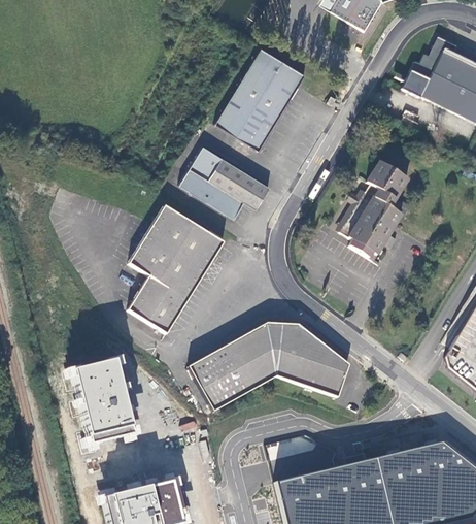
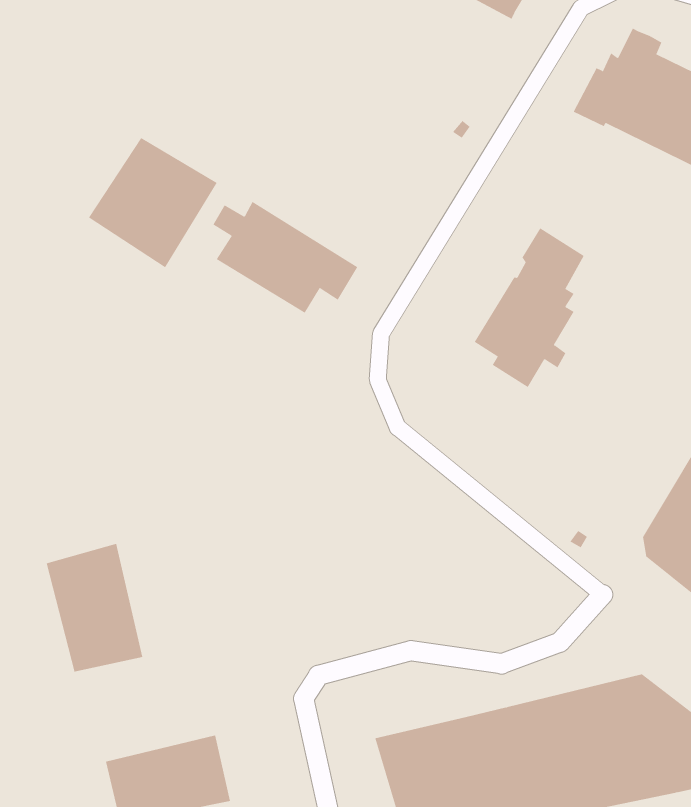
building: [215,46,305,151] -> none
building: none -> [88,137,218,268]
building: [129,206,223,332] -> none
building: [190,322,348,410] -> none

